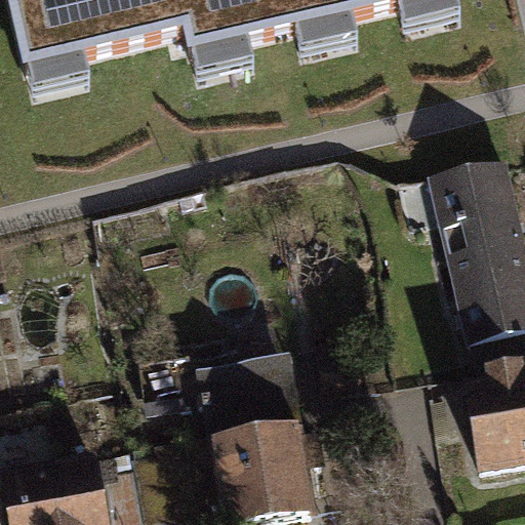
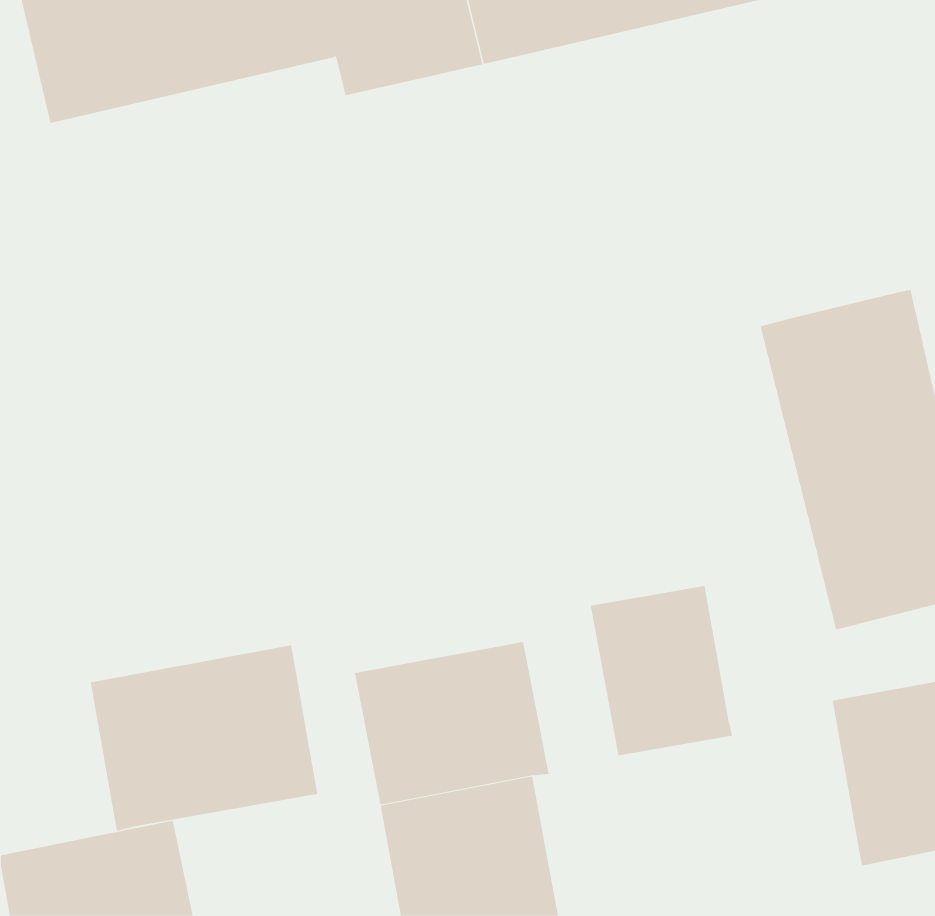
building: none -> [590,585,733,756]
building: none -> [90,645,318,832]

